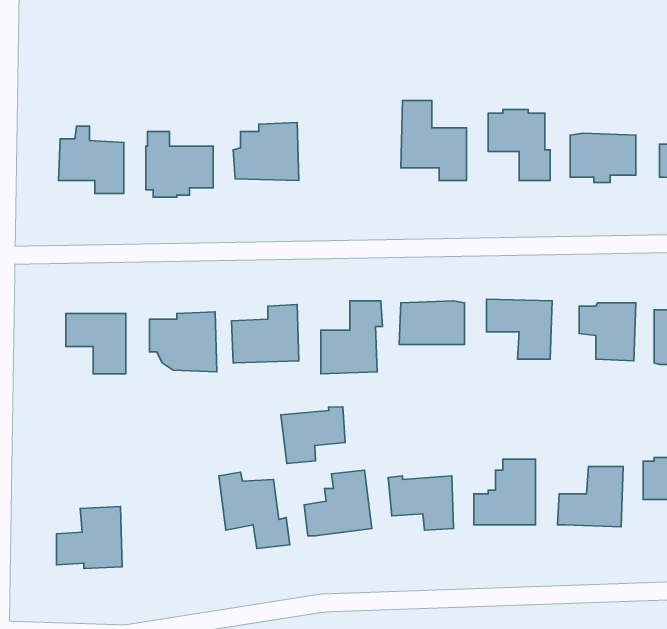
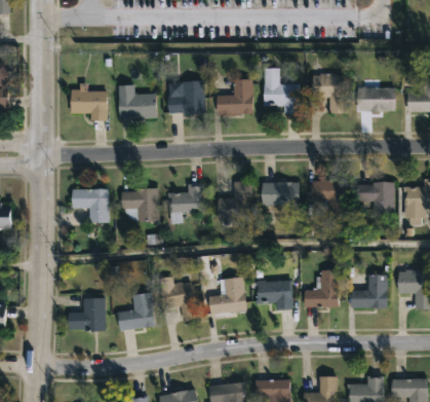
building: none -> [216,79,251,113]
building: [281,407,345,464] -> none
building: none -> [119,292,154,330]

